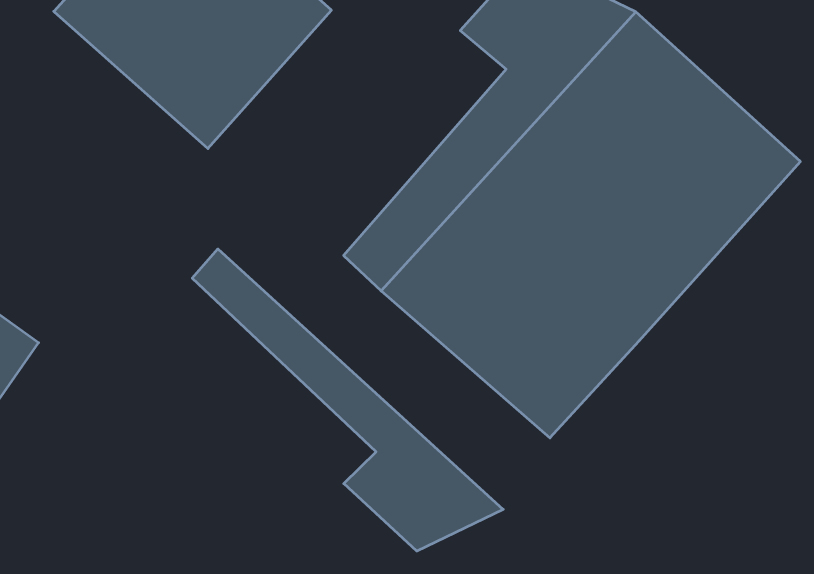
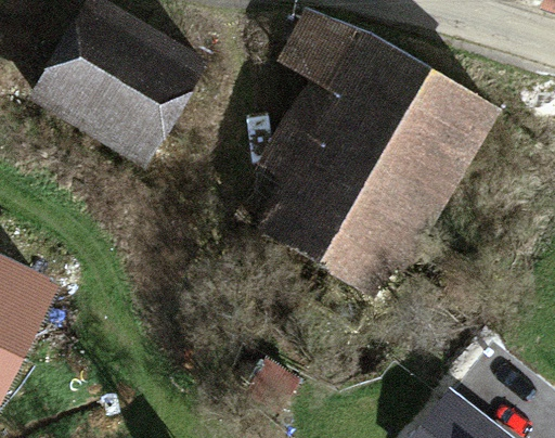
building: [192,249,503,551] -> none

